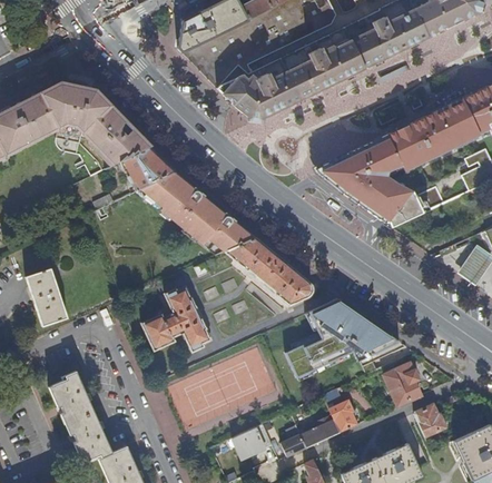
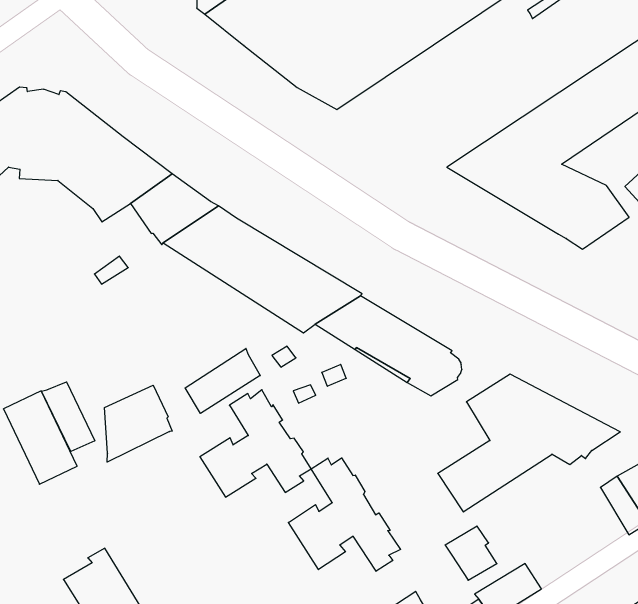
building: none -> [185,348,260,413]
building: none -> [41,382,95,452]
building: none -> [105,385,172,462]
building: none -> [288,458,401,571]
building: [328,400,358,432] -> [445,526,497,580]

